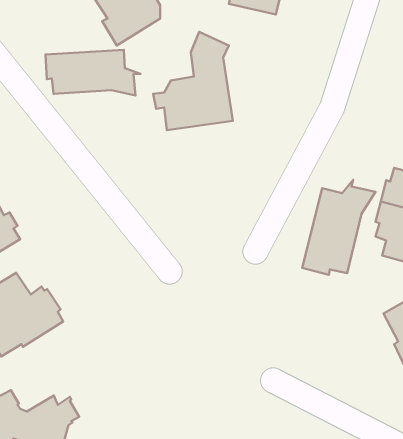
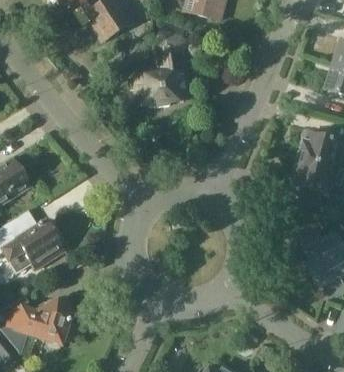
building: [45,50,140,96] -> none
building: [302,180,375,275] -> none

